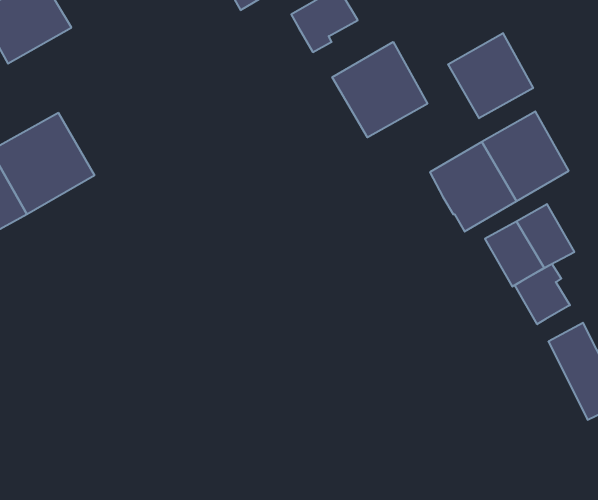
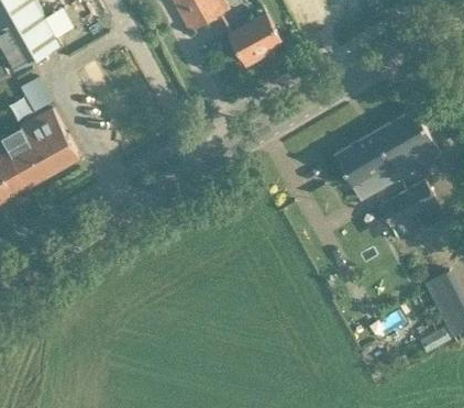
building: [448,33,533,118] -> none
building: [332,42,427,137] -> none
building: none -> [19,74,52,110]
building: [515,264,570,324] -> none

